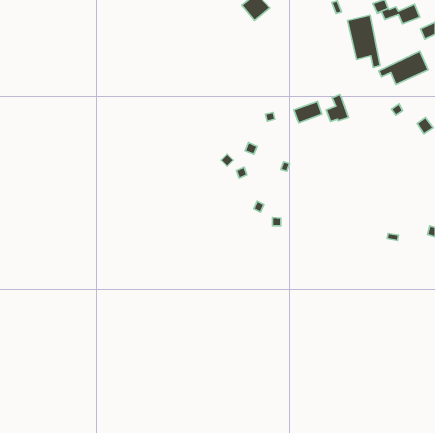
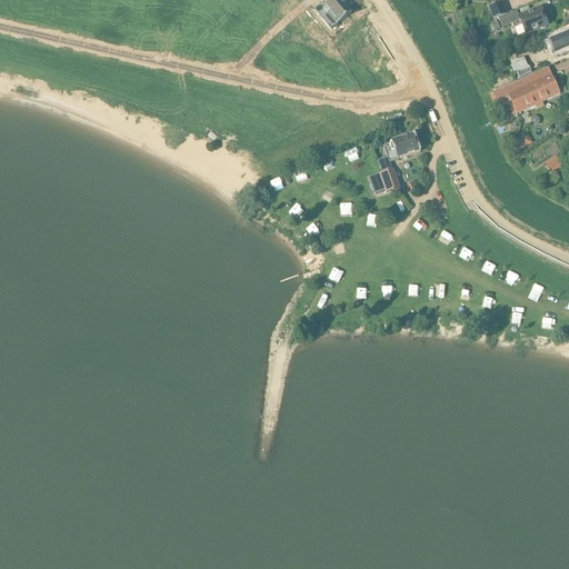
building: [347,15,380,67] -> none
building: [326,94,348,122] -> [370,156,399,191]

